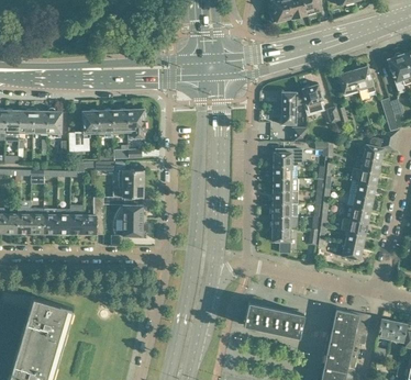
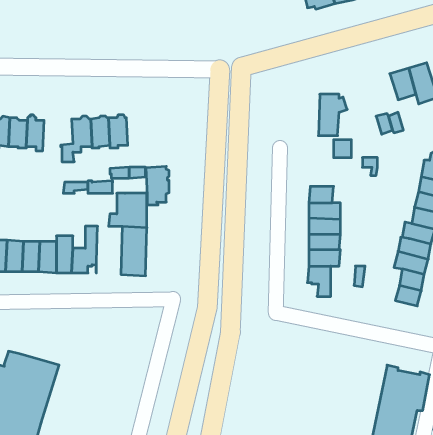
building: [300,83,324,115] -> none
building: [126,109,145,139] -> [146,166,169,205]
building: [274,148,303,166] -> none
building: [243,302,303,337] -> none

